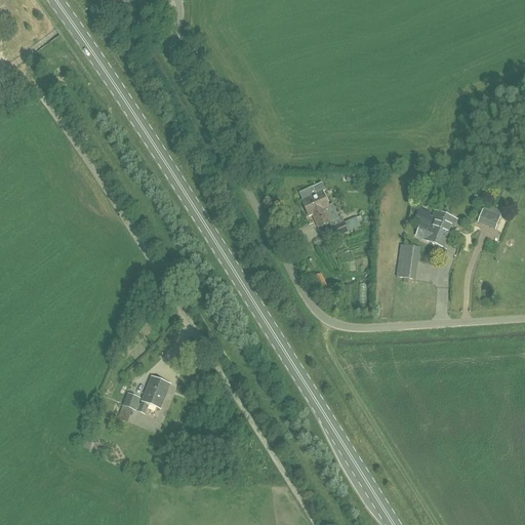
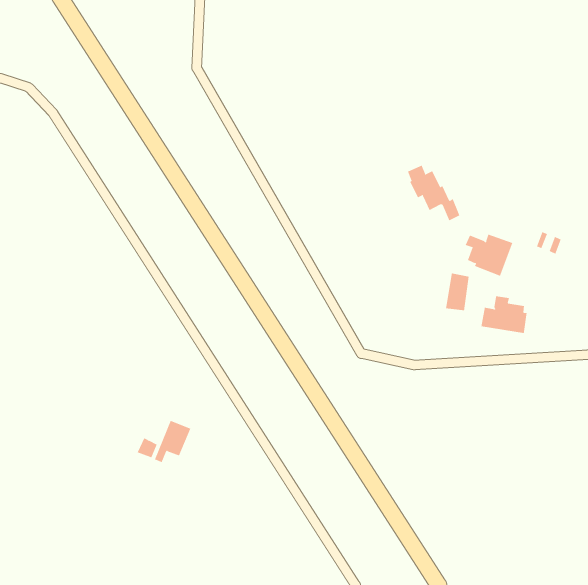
building: [299,184,347,234] -> [407,165,460,221]
building: none -> [481,296,527,334]

